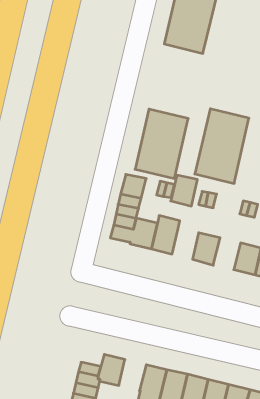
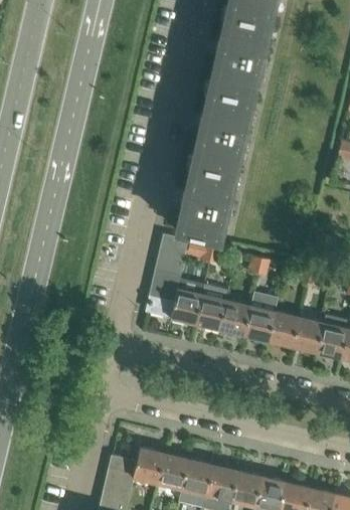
building: [195,109,249,183] -> [192,83,255,171]
building: [171,175,197,206] -> [219,300,250,336]
building: none -> [268,311,300,348]
building: none -> [157,454,189,490]

